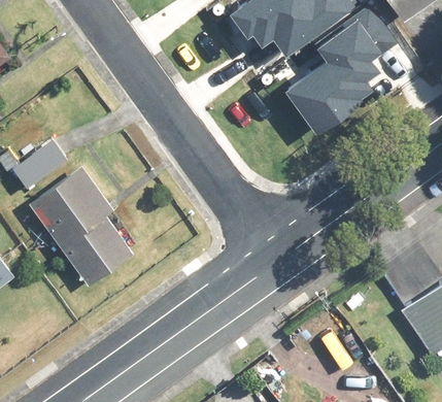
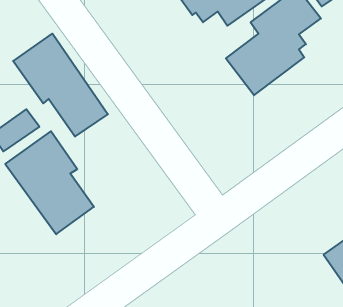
building: none -> [13,34,108,137]

